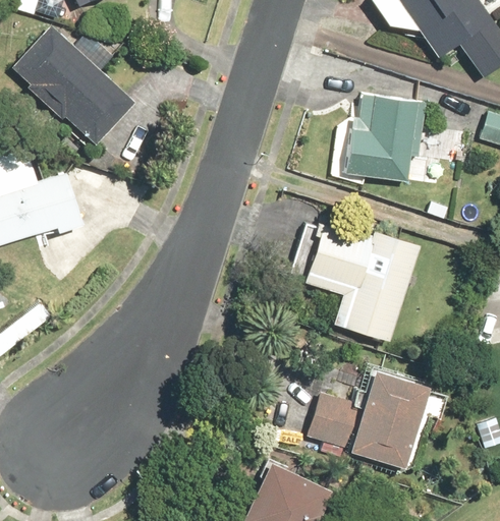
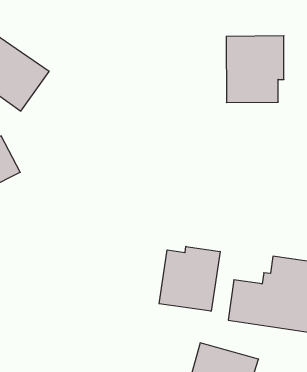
building: [303,222,420,343] -> none
building: none -> [159,246,220,311]

